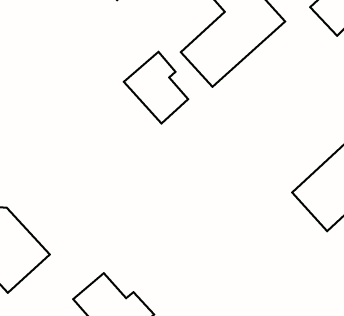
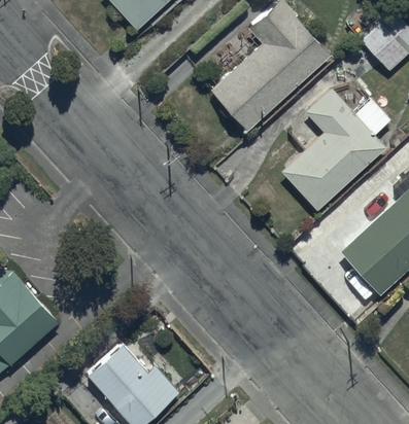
building: none -> [279,89,390,211]
building: [124,52,188,124] -> none

